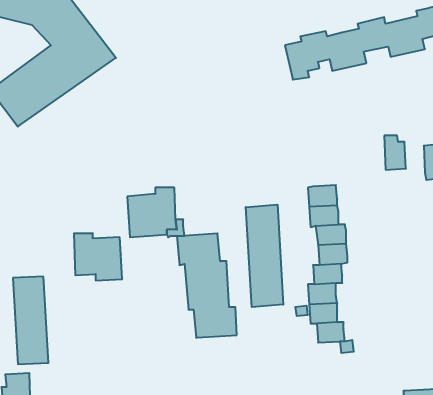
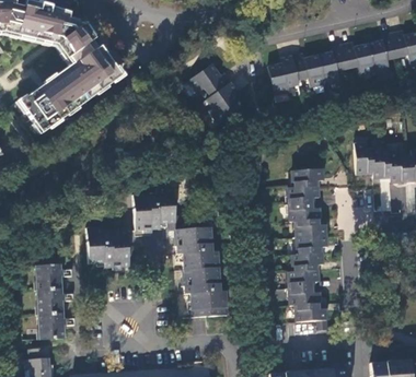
building: none -> [188,64,243,122]
building: none -> [372,148,390,176]
building: none -> [293,168,324,187]
building: [246,205,283,307] -> none

